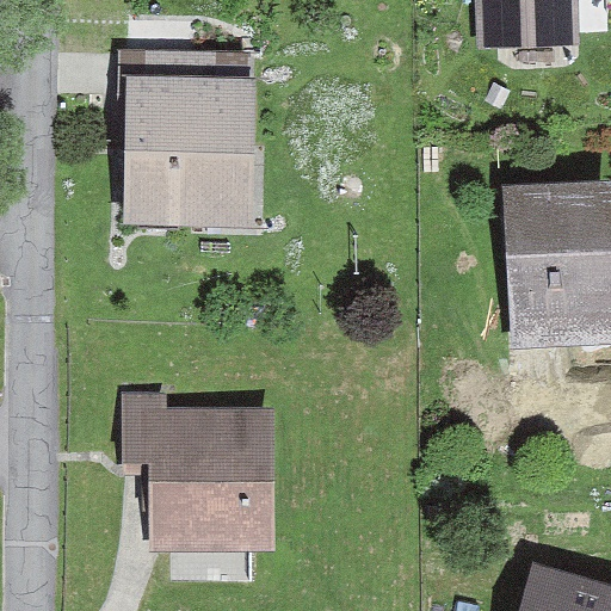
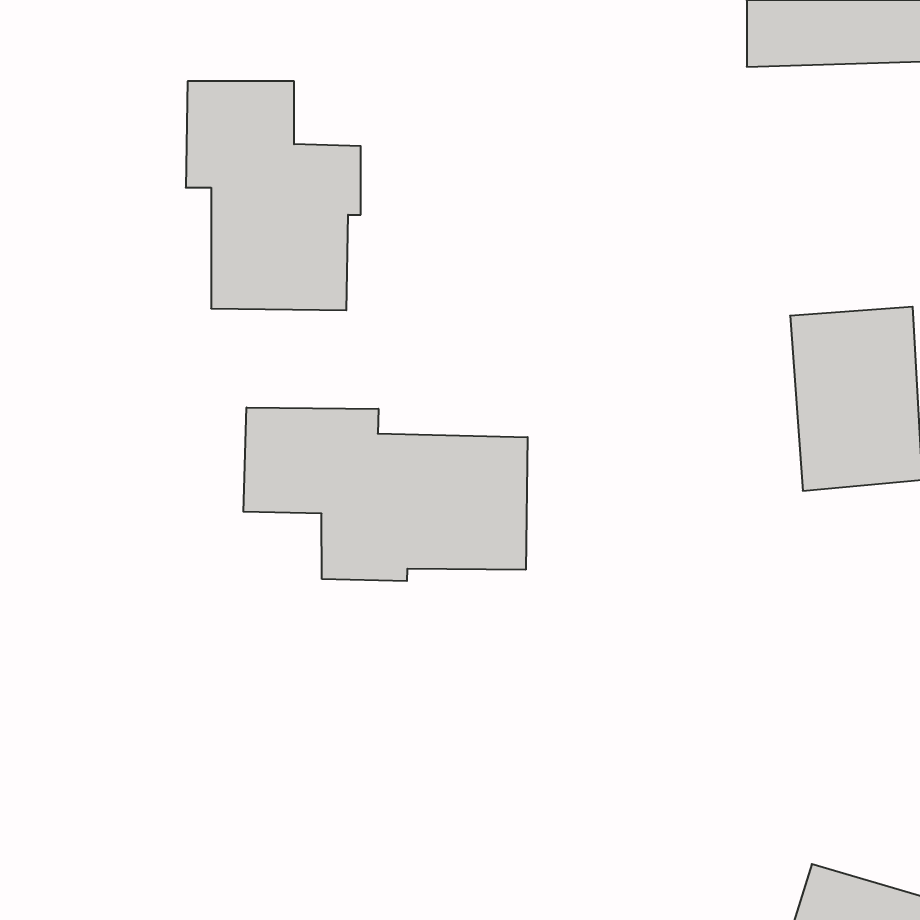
building: none -> [243,407,528,581]
building: [124,394,270,545] -> none

